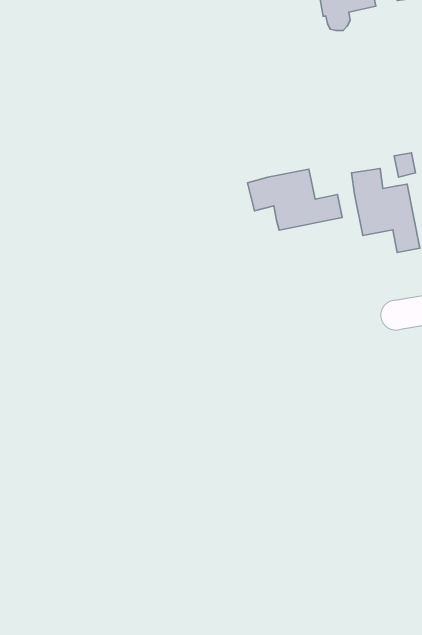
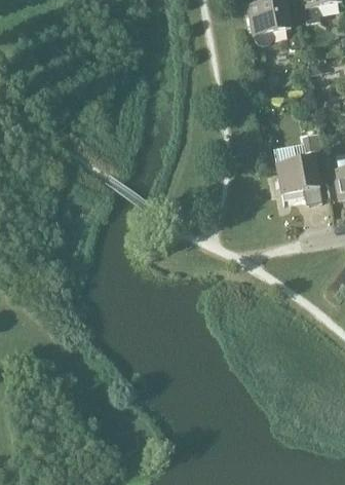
building: [247,169,342,230] -> none

